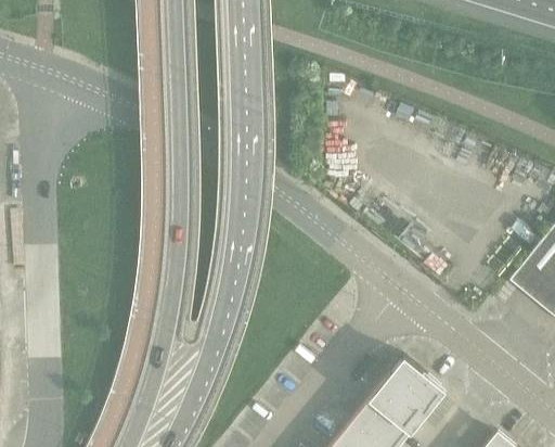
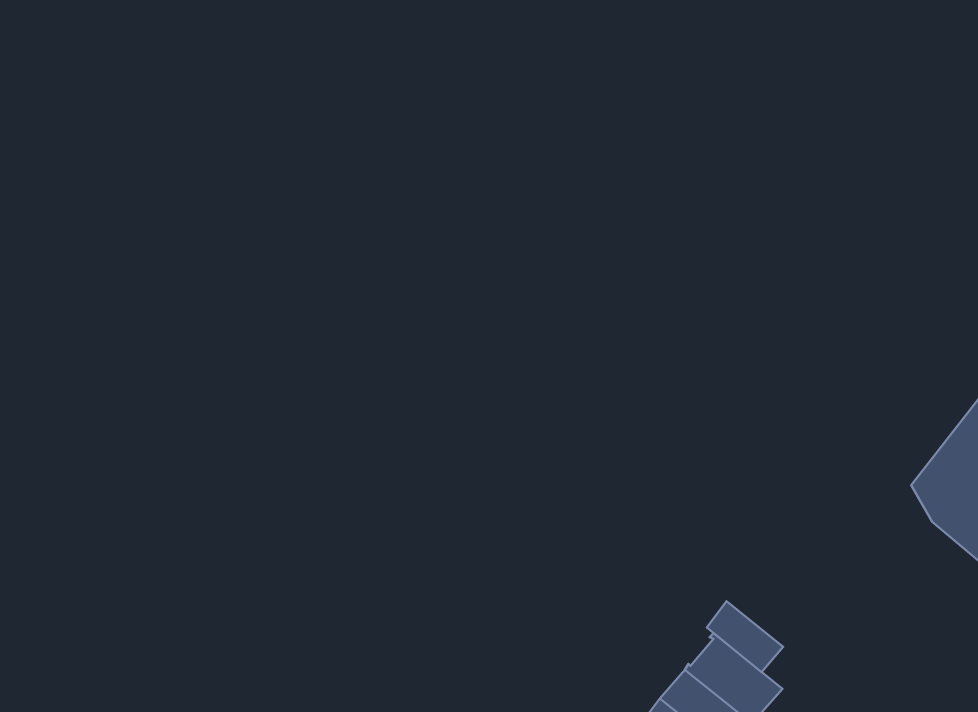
building: none -> [707,601,783,672]

